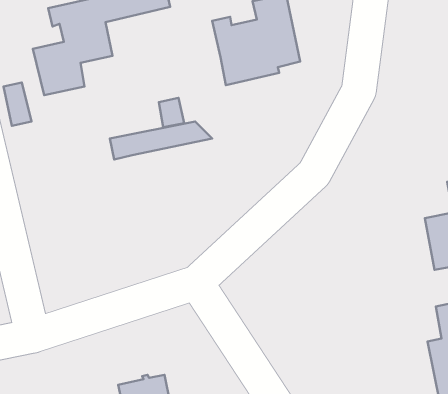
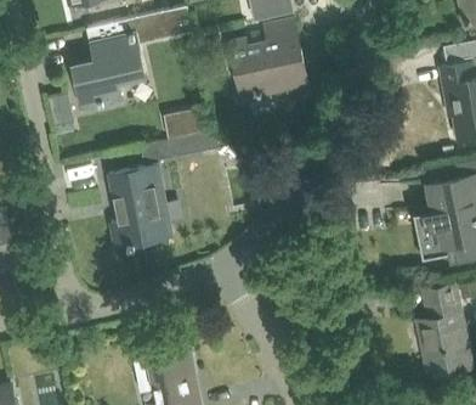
building: none -> [109,167,171,248]

